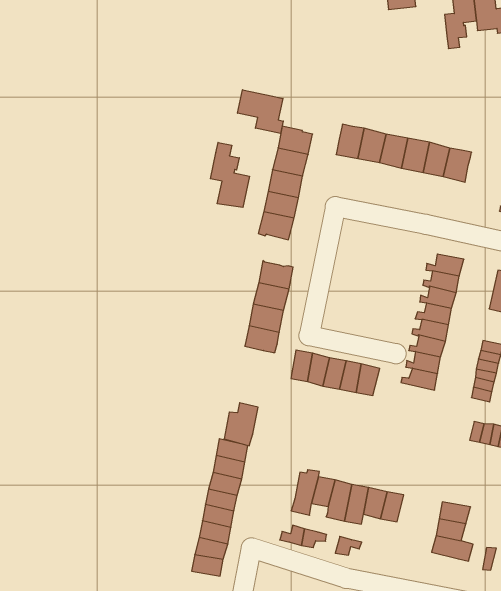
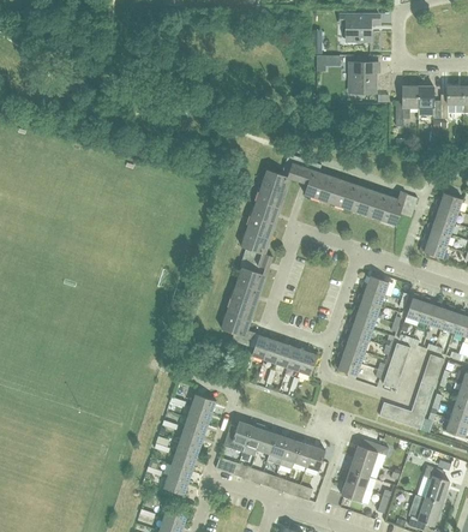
building: [238,90,283,134] -> none
building: [210,142,249,207] -> none
building: [224,403,258,446] -> [223,419,251,452]
building: none -> [353,438,389,467]

